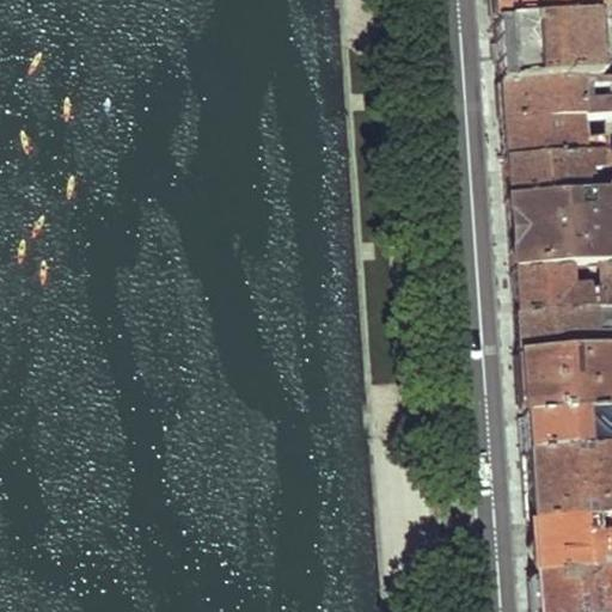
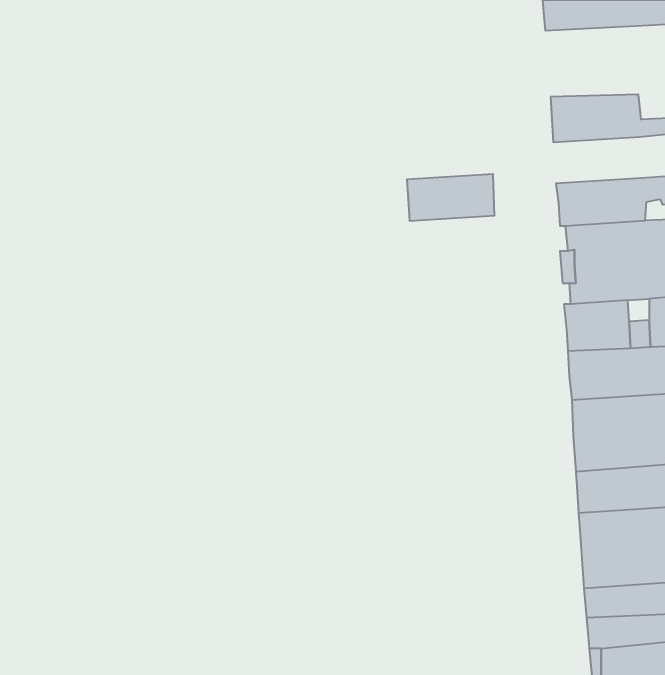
building: [503,26,600,91] -> none
building: [510,127,589,169] -> [407,174,495,221]

